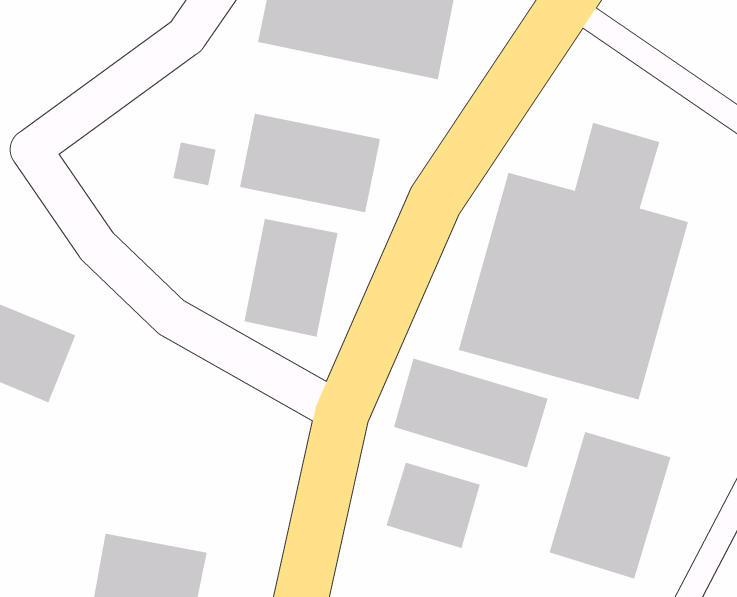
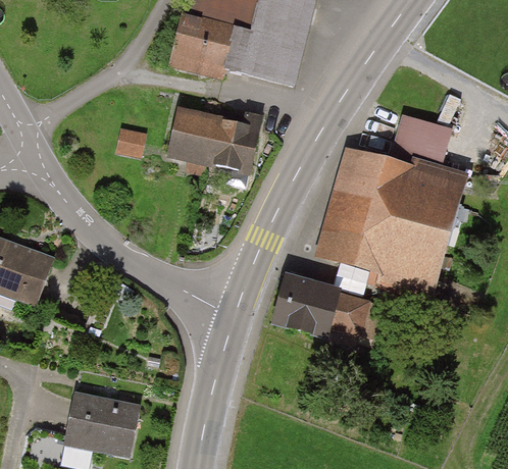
building: [244,218,338,337] -> none
building: [549,431,671,580] -> none
building: [386,462,481,549] -> none

